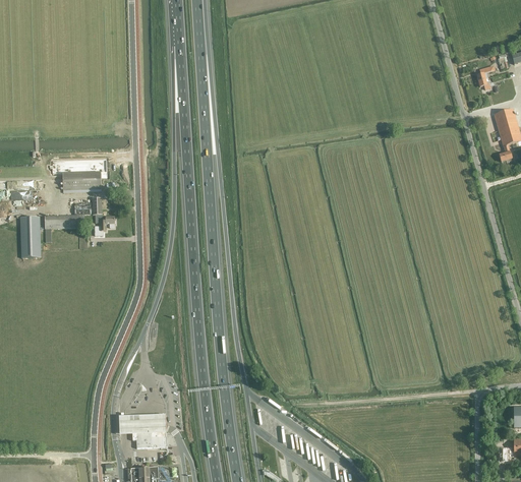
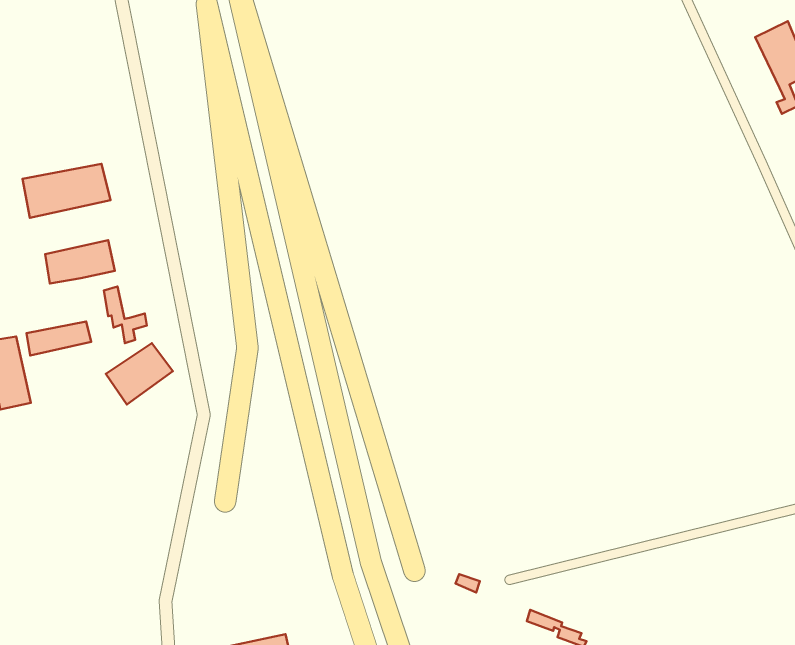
building: none -> [22,164,111,218]
building: none -> [106,343,173,404]

